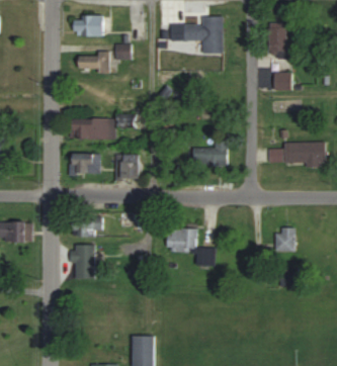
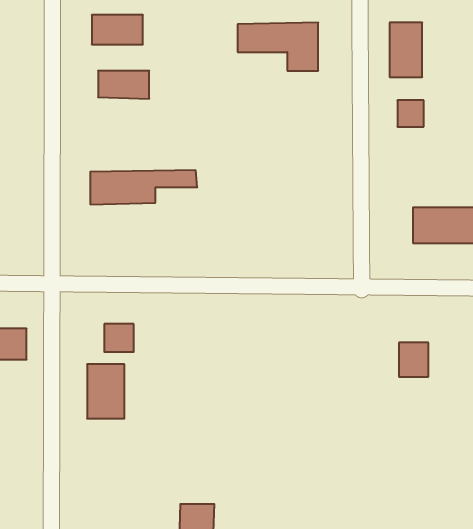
building: [193,138,228,167] -> none
building: [70,153,100,174] -> none
building: [121,154,139,181] -> none
building: [168,226,214,264] -> none

